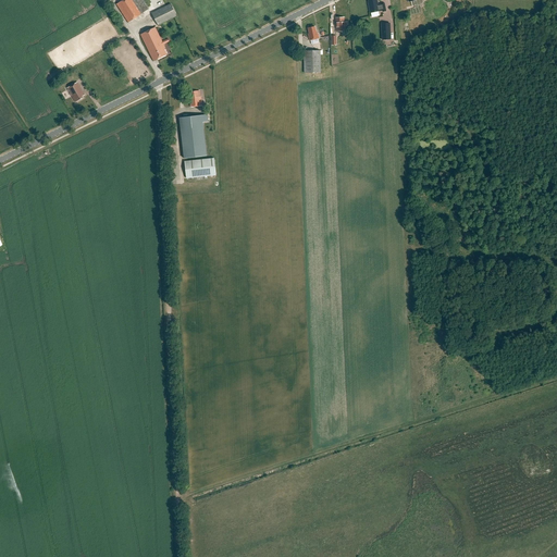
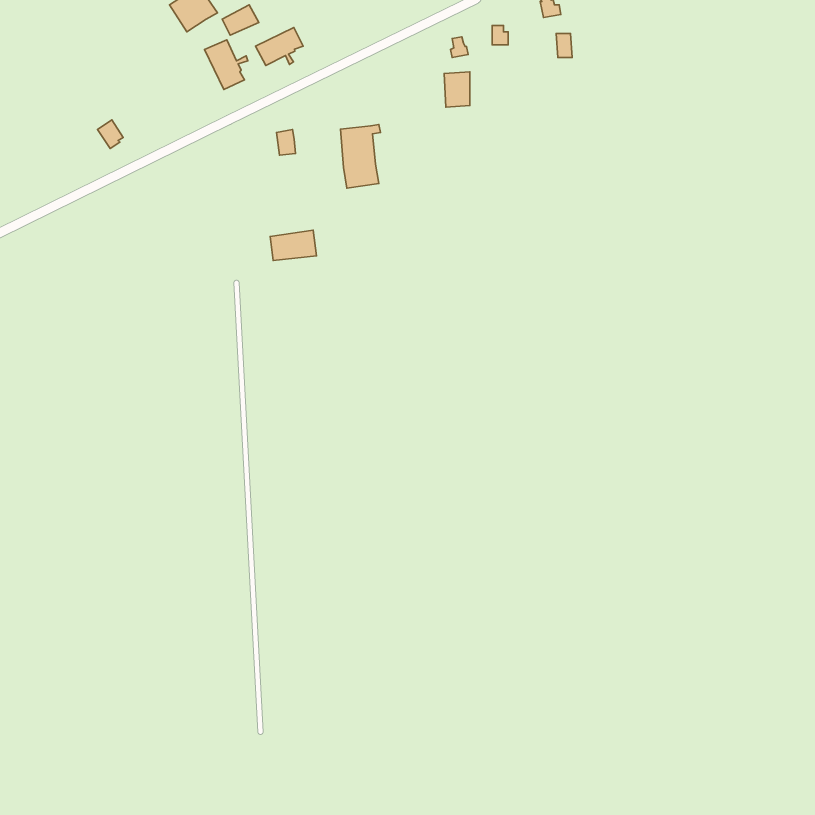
building: none -> [255,28,303,65]
building: [180,114,207,158] -> [340,124,380,188]

